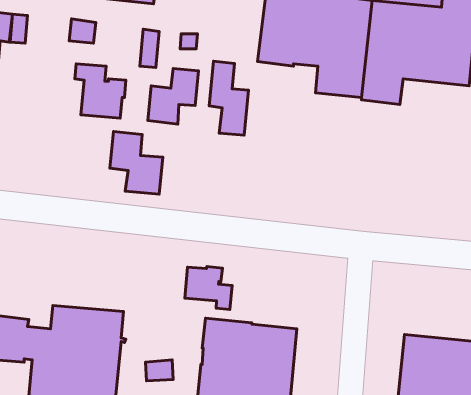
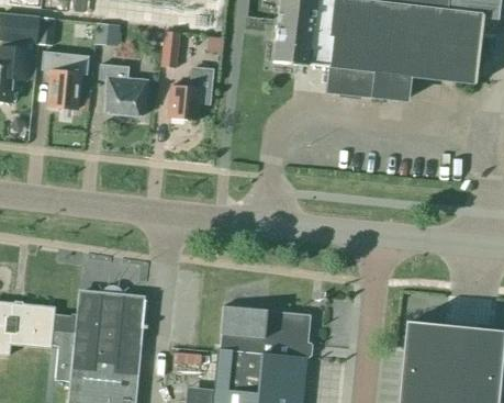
building: none -> [41,51,89,109]
building: [209,61,249,135] -> none
building: [110,131,163,194] -> none
building: [185,267,232,309] -> none

